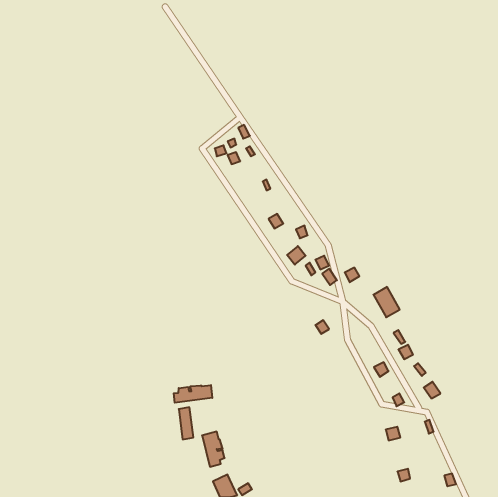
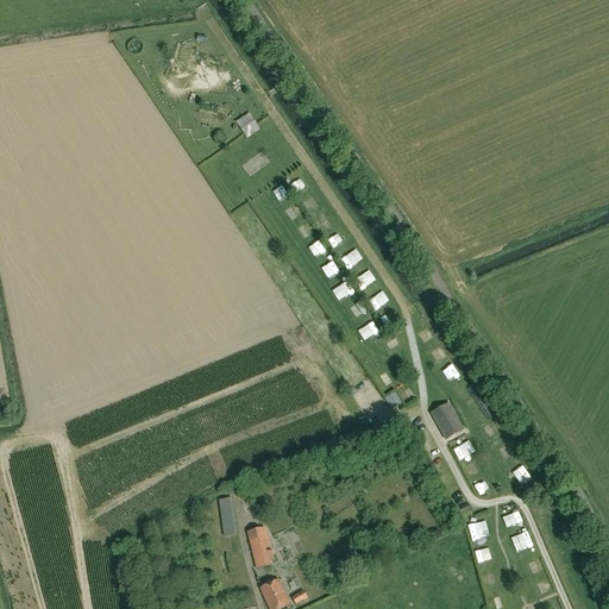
building: [373,287,400,317] -> [429,401,462,438]
building: [174,385,212,403] -> none

